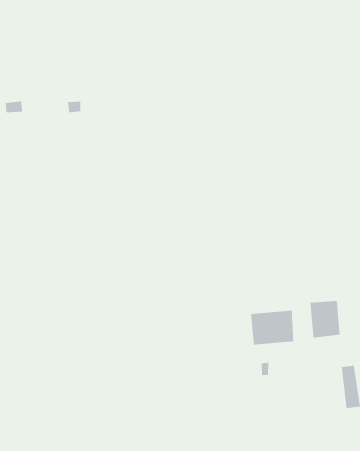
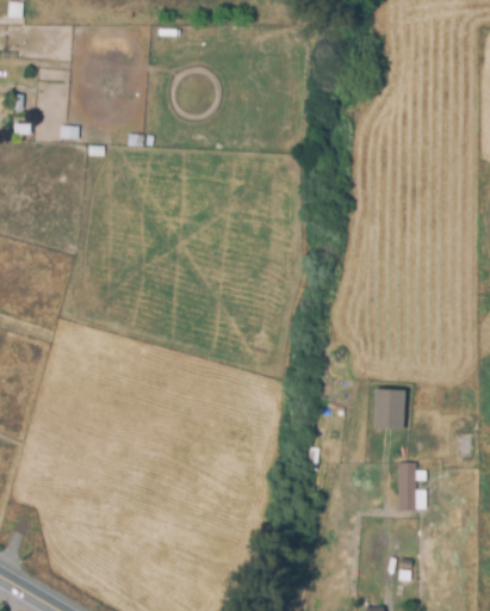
building: [250,310,294,346] -> none

